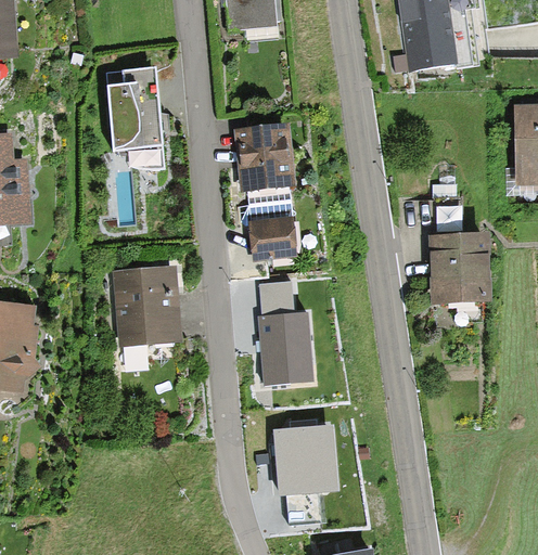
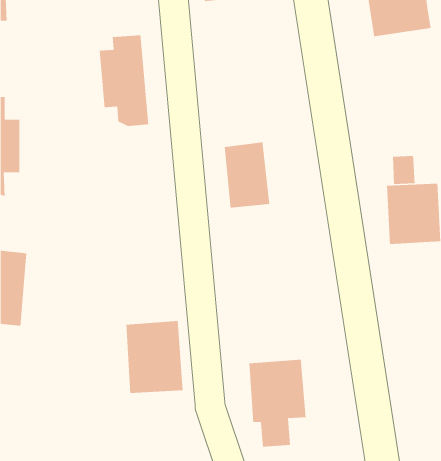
building: [236,120,298,190] -> none
building: [115,264,179,346] -> [126,320,184,394]
building: [257,282,315,385] -> none

